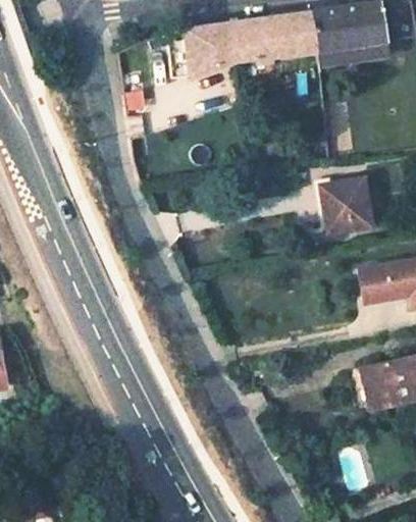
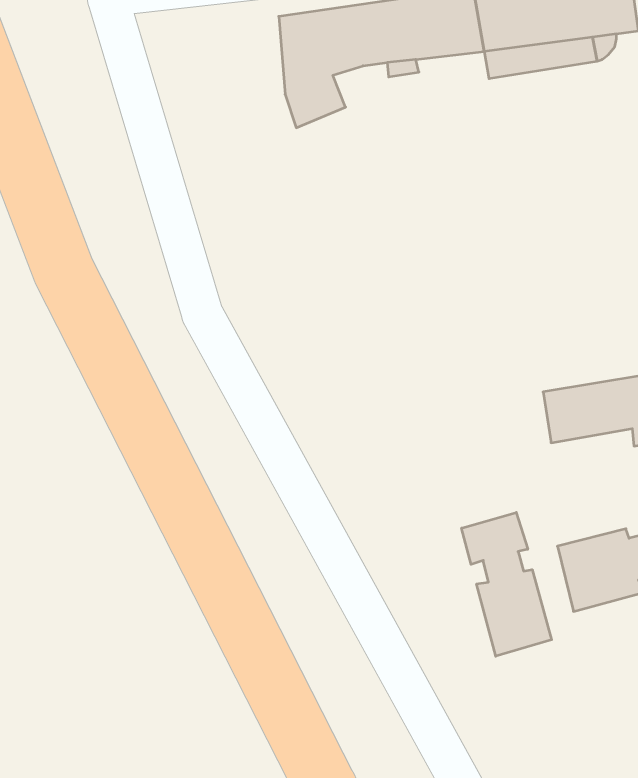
building: [315,174,385,236] -> none
building: none -> [462,512,552,656]

